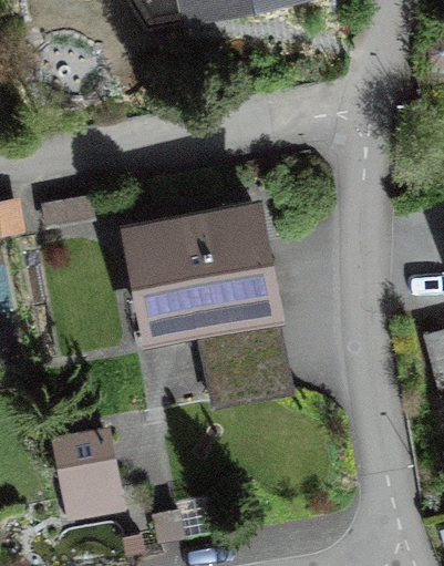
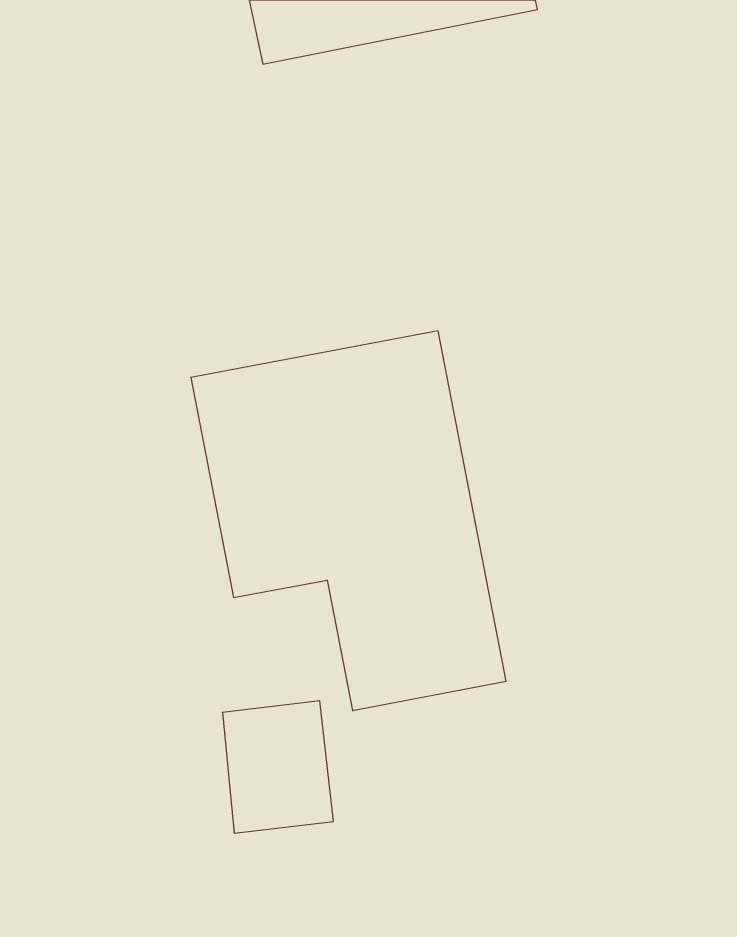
building: [55,440,118,515] -> [222,701,333,833]

